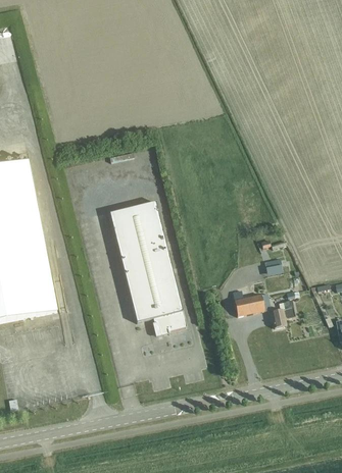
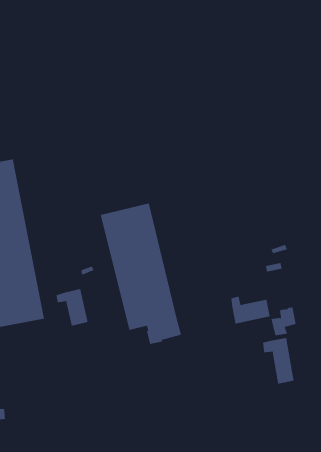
building: none -> [56,288,88,327]
building: none -> [262,337,294,384]

